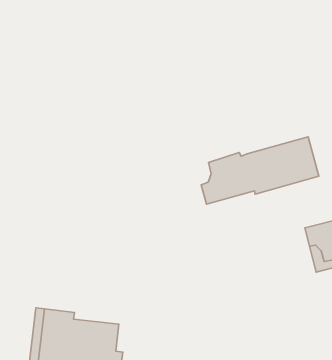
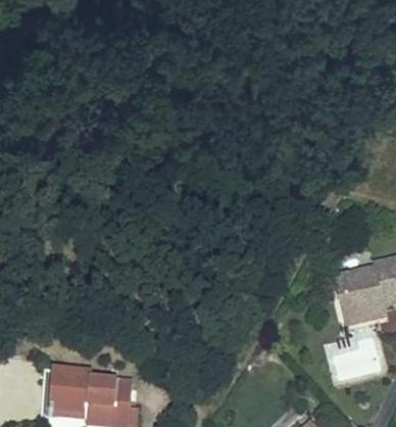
building: [201,137,319,204] -> none

